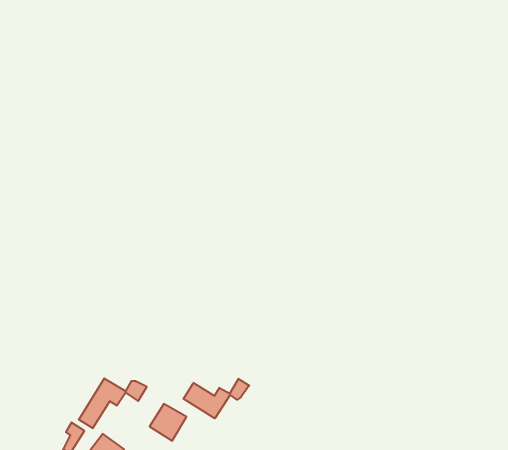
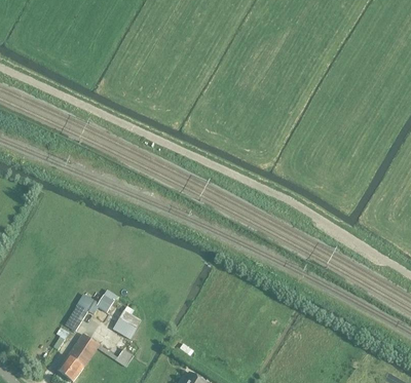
building: [183,379,249,418] -> none

